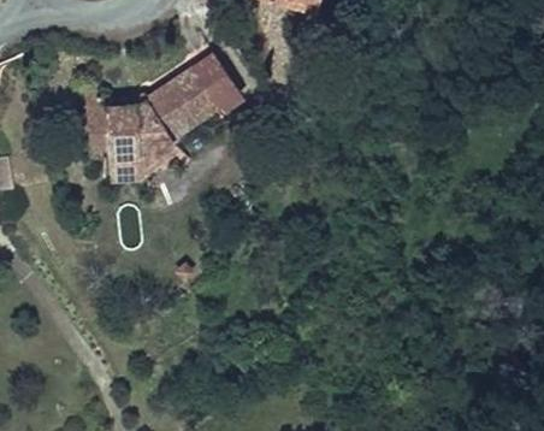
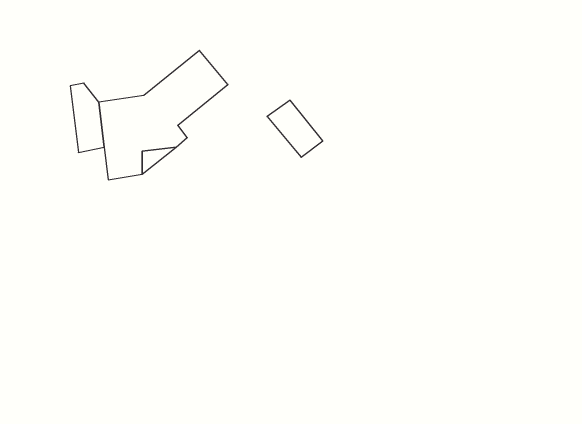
building: [196,49,246,100] -> [267,100,323,157]

